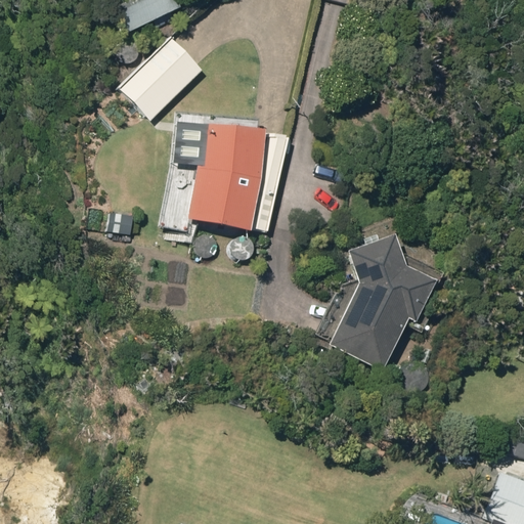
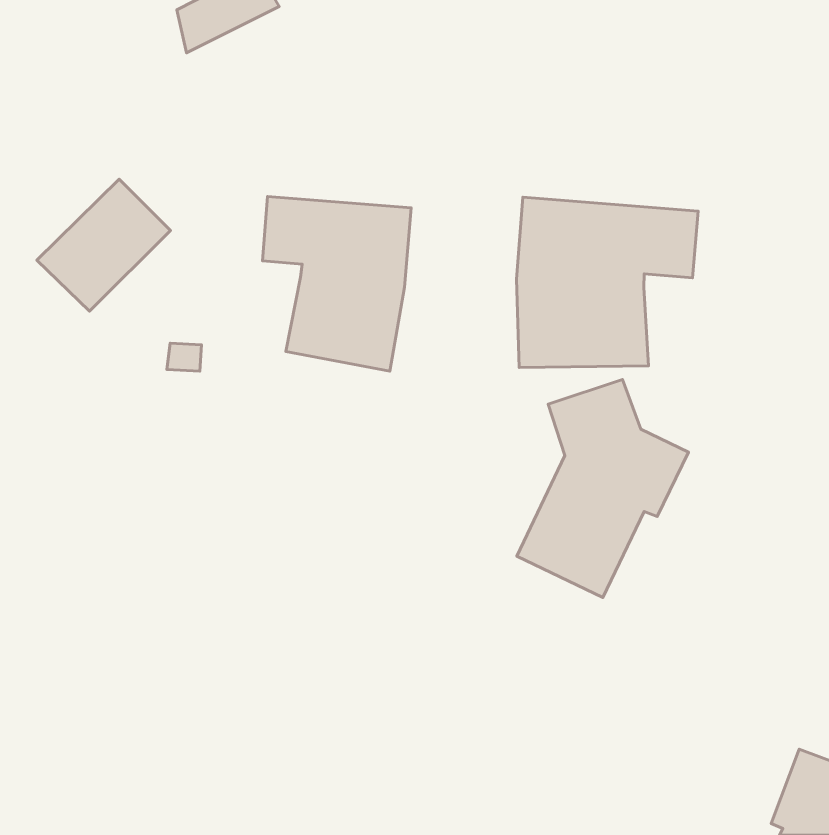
building: [122,35,205,117] -> [37,179,171,311]
building: none -> [517,197,698,367]

